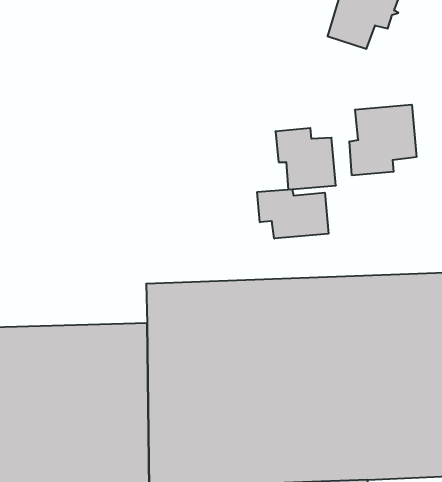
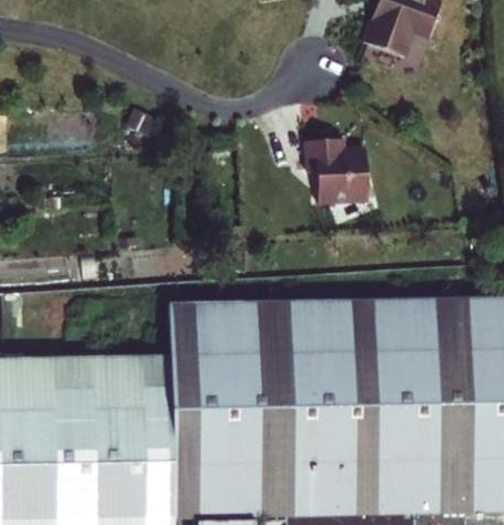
building: [349,105,416,175] -> none
building: [257,189,328,239] -> none

